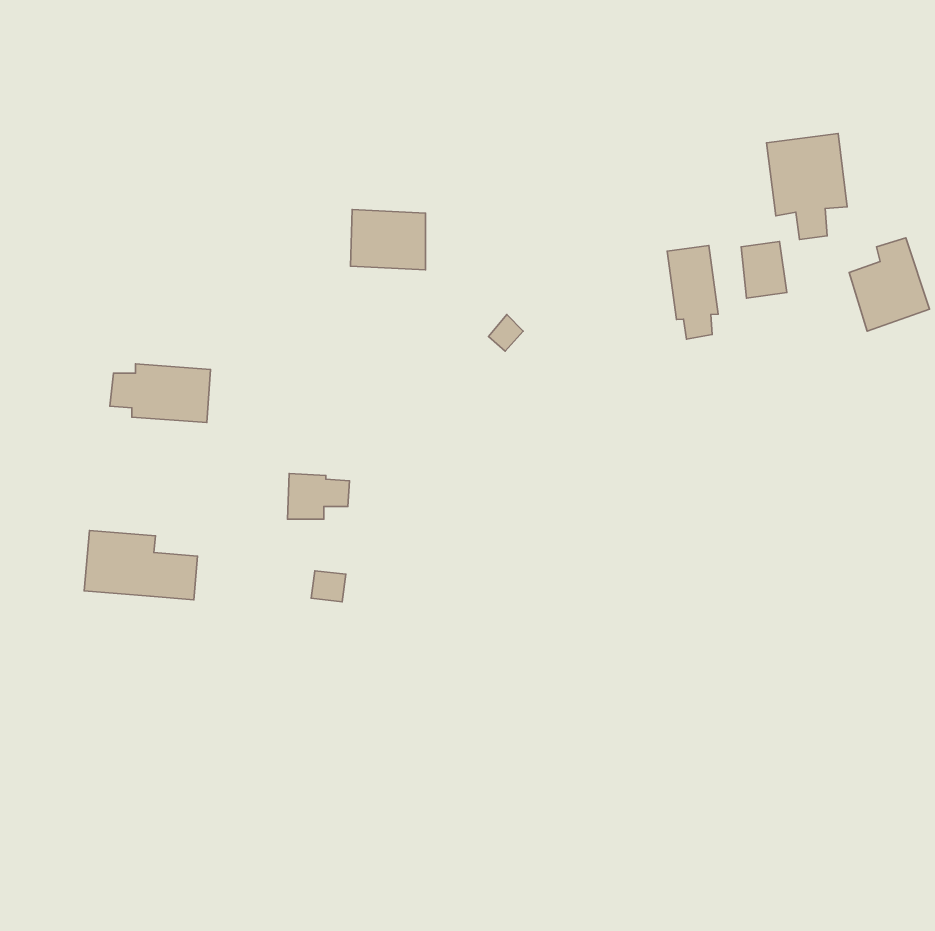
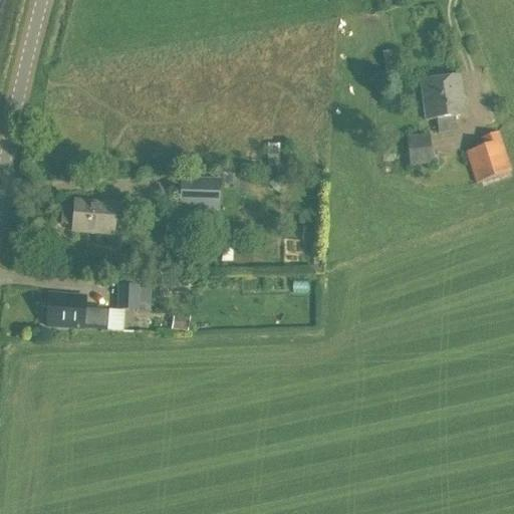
building: [351,210,426,270] -> [179,176,220,209]
building: [667,246,718,339] -> none
building: [287,474,350,519] -> [117,283,152,308]

